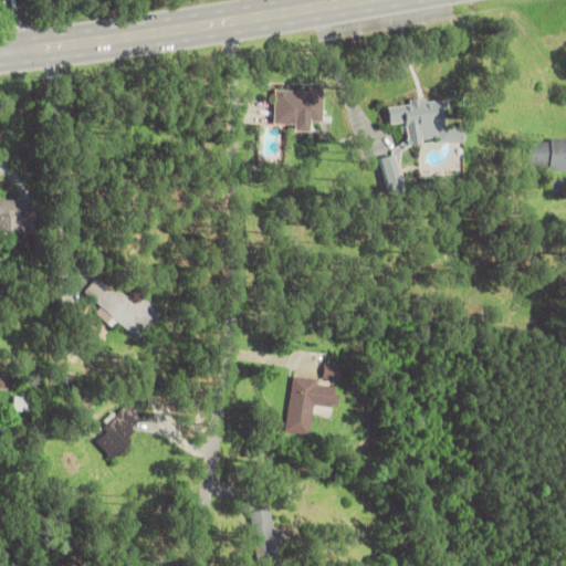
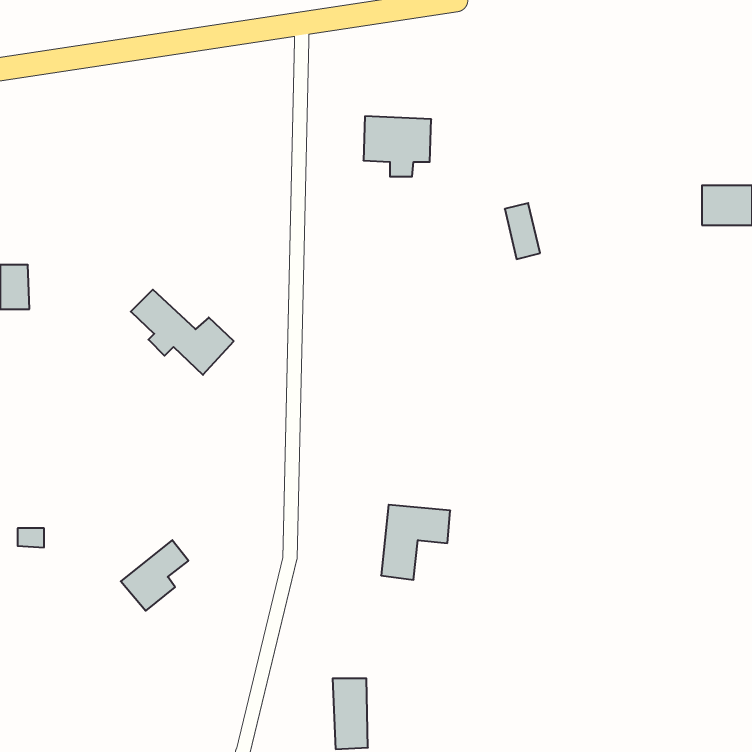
building: [387,99,465,145] -> none
building: [84,275,161,339] -> [131,290,234,375]

